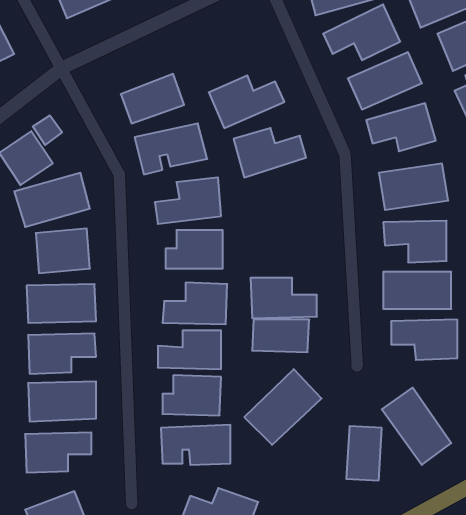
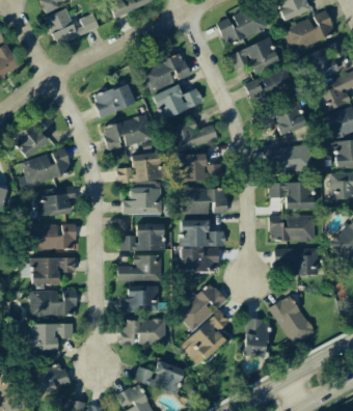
building: none -> [139,53,191,91]
building: none -> [179,154,224,182]
building: none -> [180,188,227,214]
building: none -> [182,310,232,365]

